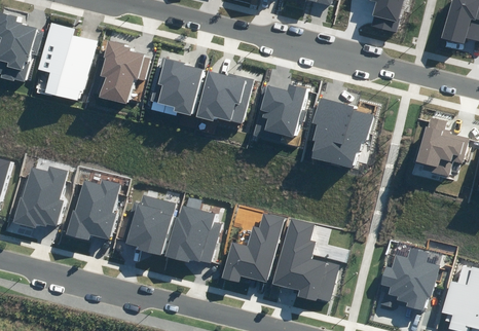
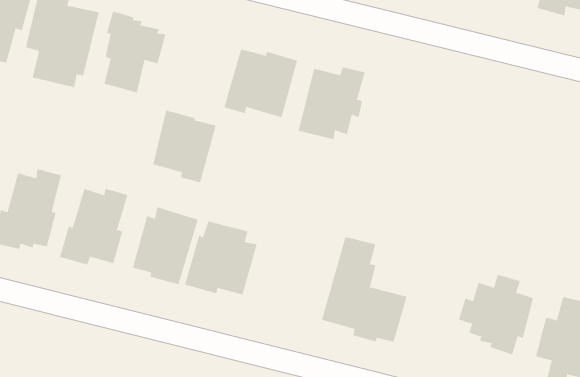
building: [151,58,201,115] -> [153,110,217,183]
building: [311,98,373,167] -> none
building: [415,117,469,177] -> none
building: [221,213,284,283] -> none

